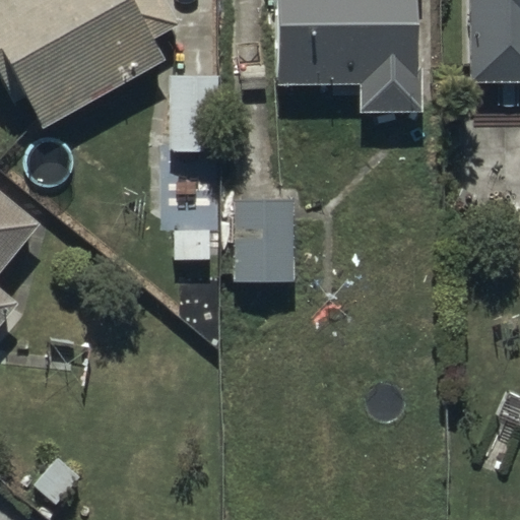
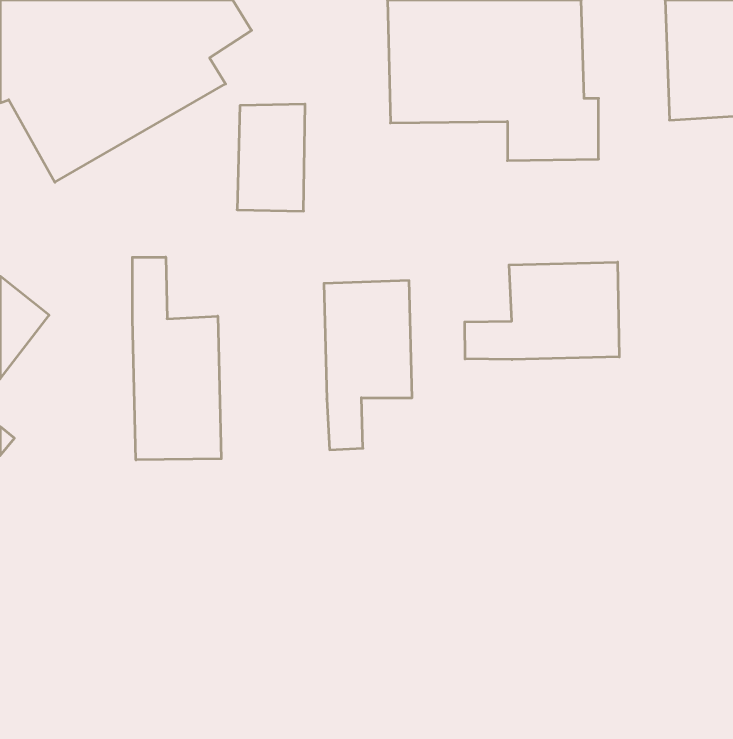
building: none -> [132,257,221,460]
building: none -> [465,262,619,360]

